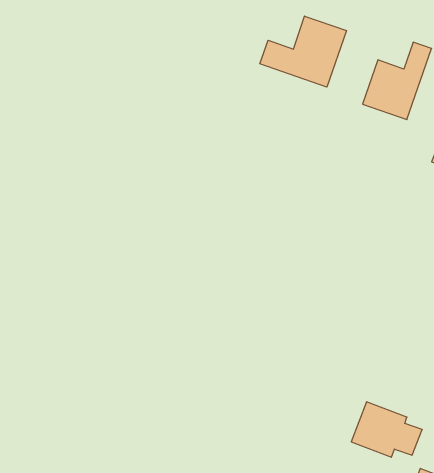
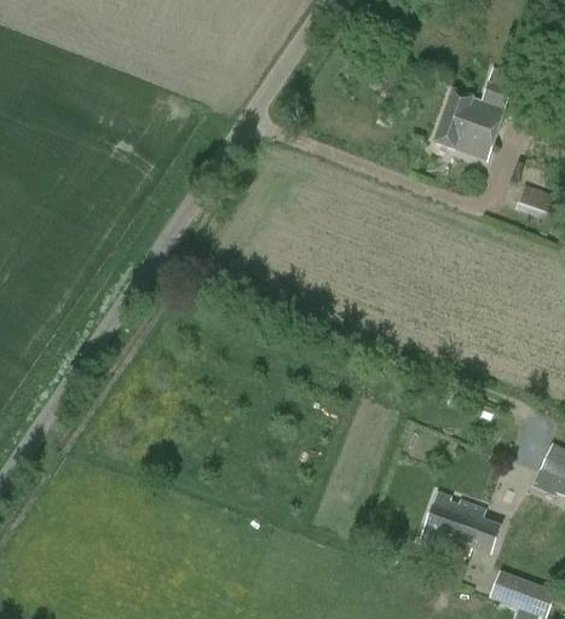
building: [260,16,346,87] -> none

